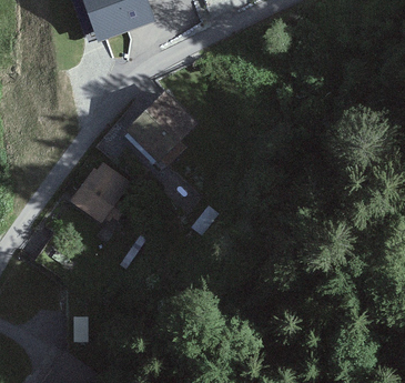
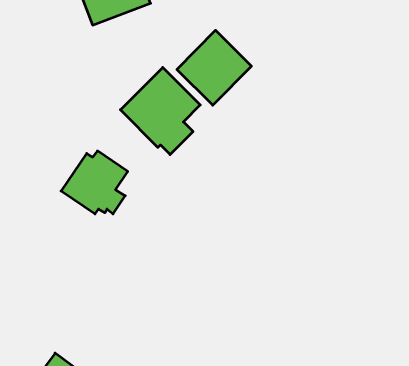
building: none -> [177,30,251,105]

